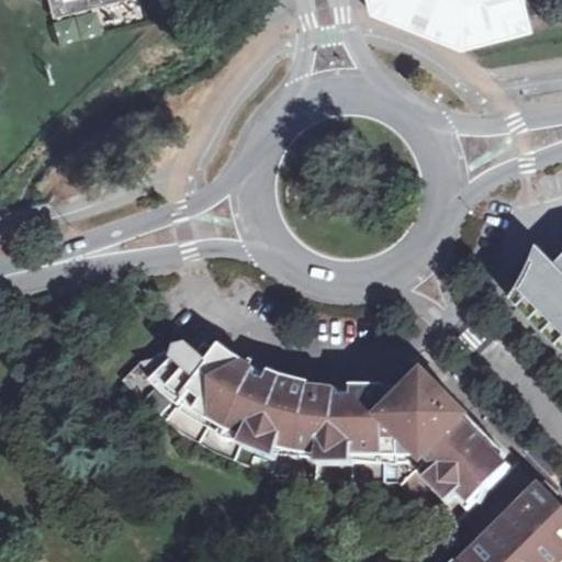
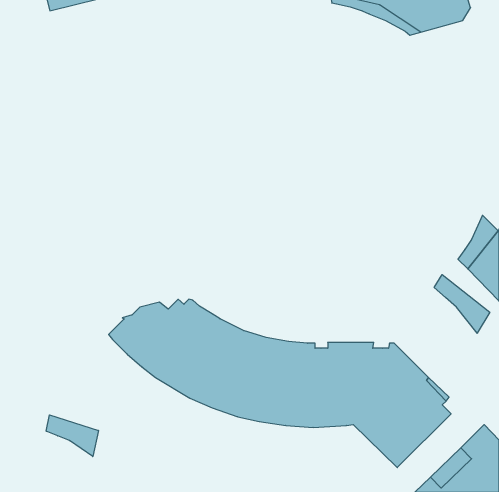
building: none -> [434,275,490,333]
building: none -> [46,415,98,457]

